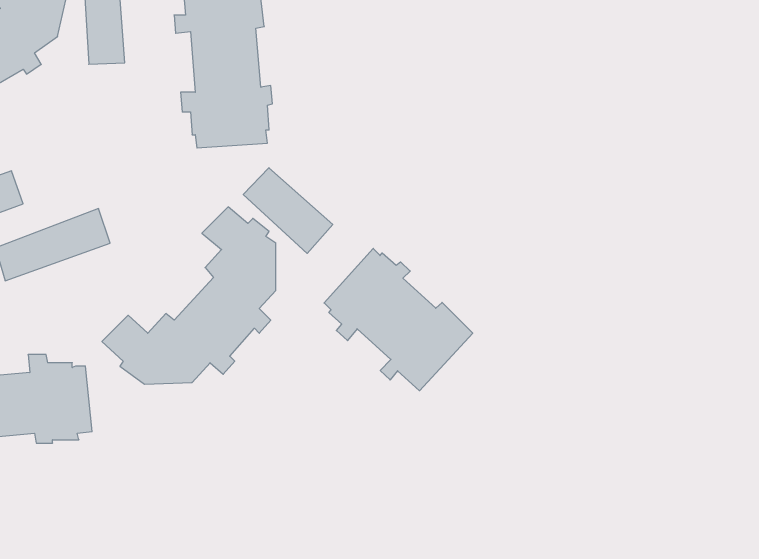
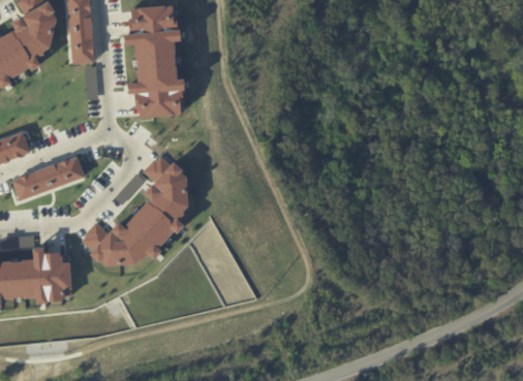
building: [243,168,333,253] -> none
building: [324,248,473,391] -> none

